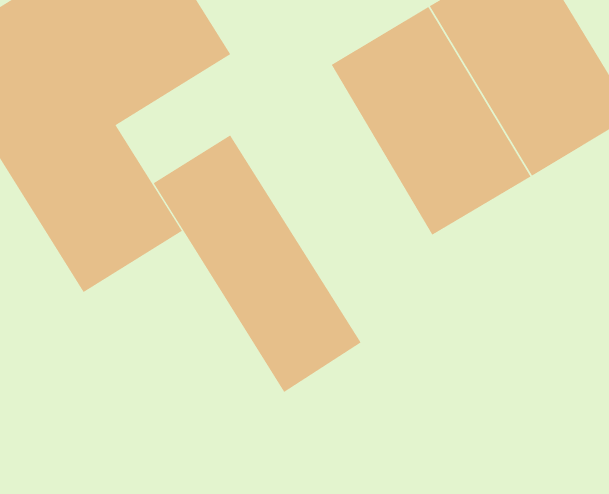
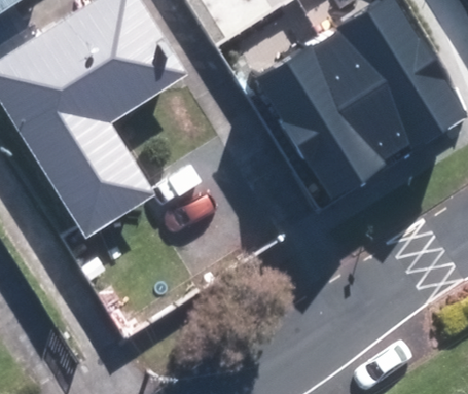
building: [153,135,362,393] -> none

